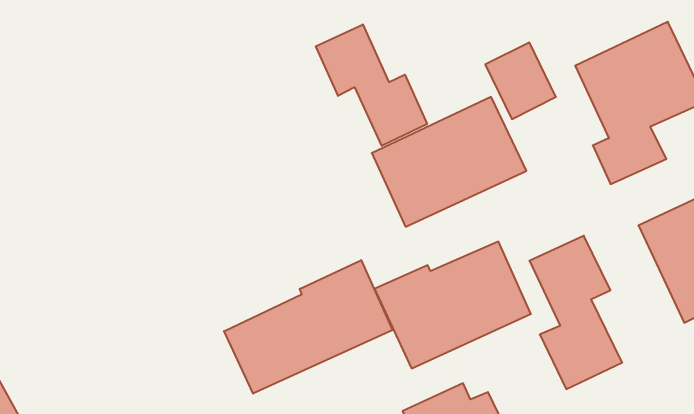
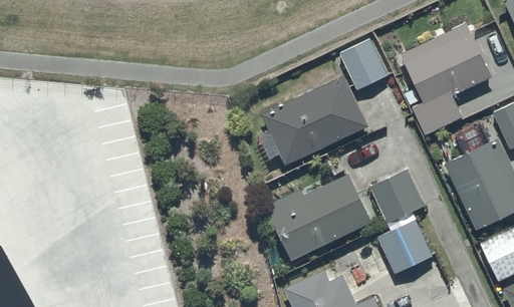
building: [316,24,427,146] -> none
building: [224,260,392,394] -> none

